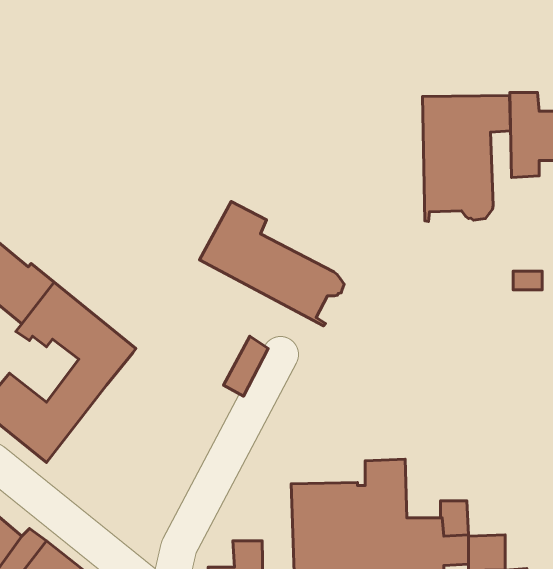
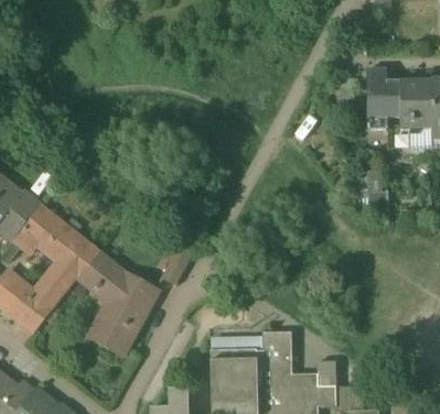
building: [423,95,511,222] -> none
building: [199,201,344,326] -> none
building: none -> [77,254,157,353]

